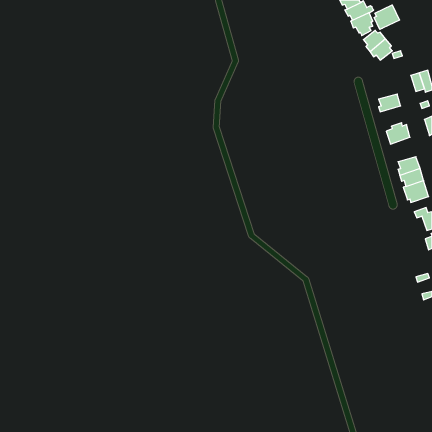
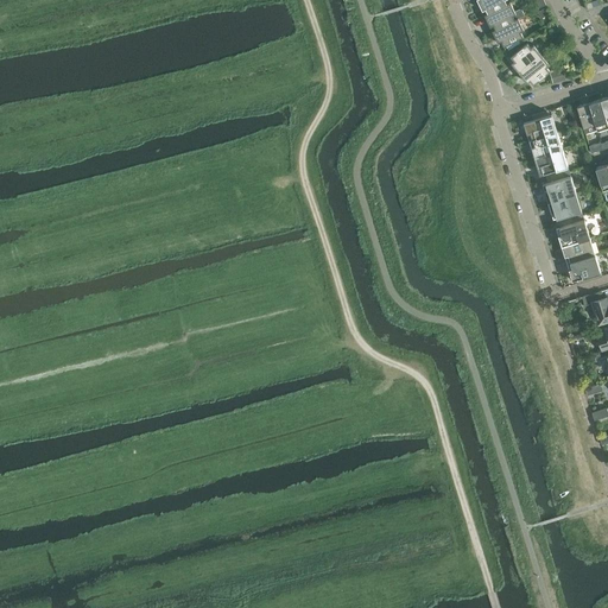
building: [374,5,400,29] -> none
building: none -> [522,115,557,140]
building: none -> [533,150,568,178]
building: none -> [547,194,581,220]

